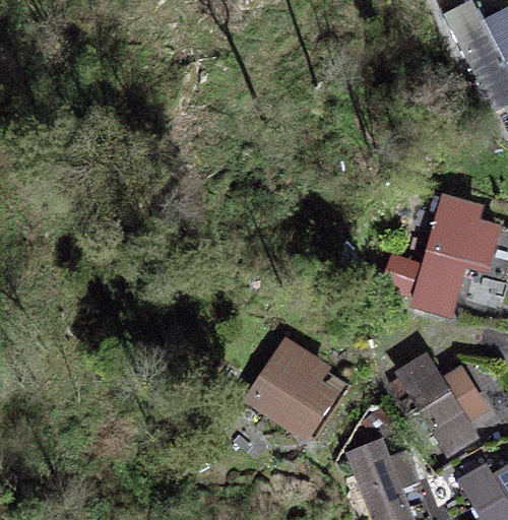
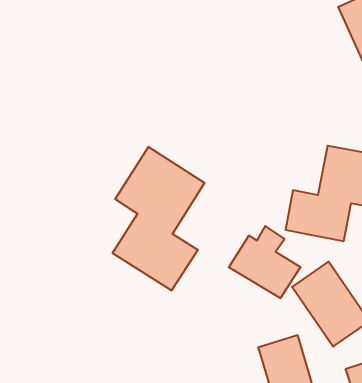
building: none -> [113,147,205,291]
building: [251,349,341,440] -> [229,226,301,298]

